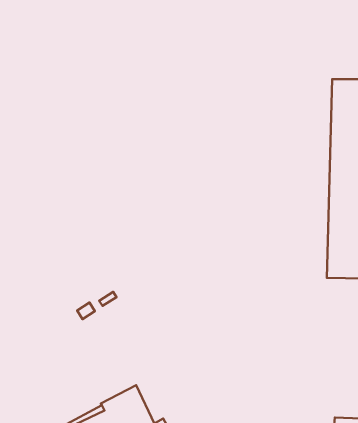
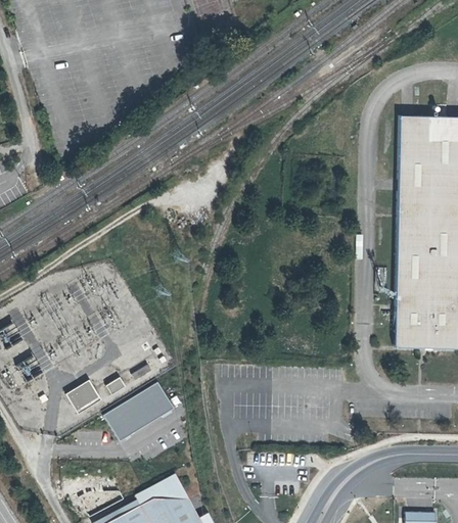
building: none -> [65,381,99,412]
building: none -> [104,383,172,439]

